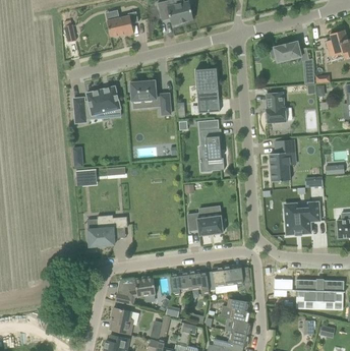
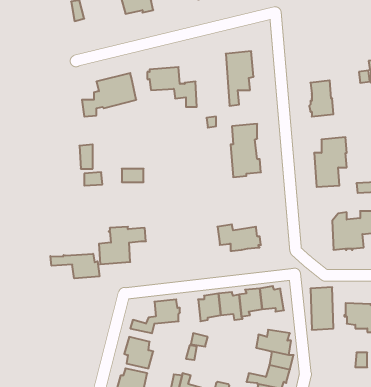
building: [274,41,309,62] -> none
building: none -> [50,254,99,278]

